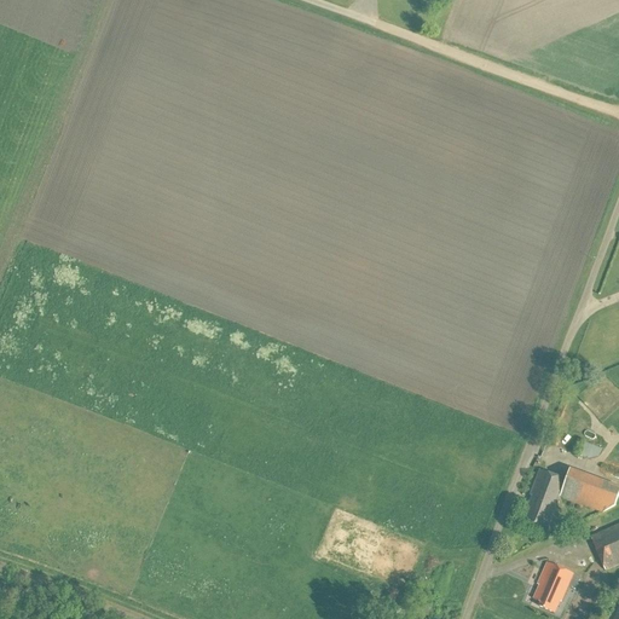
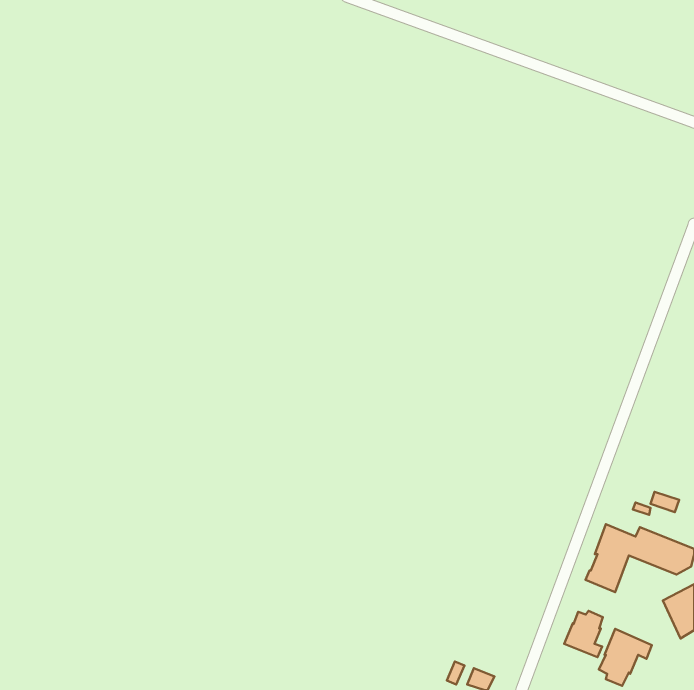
building: none -> [564,611,603,657]

